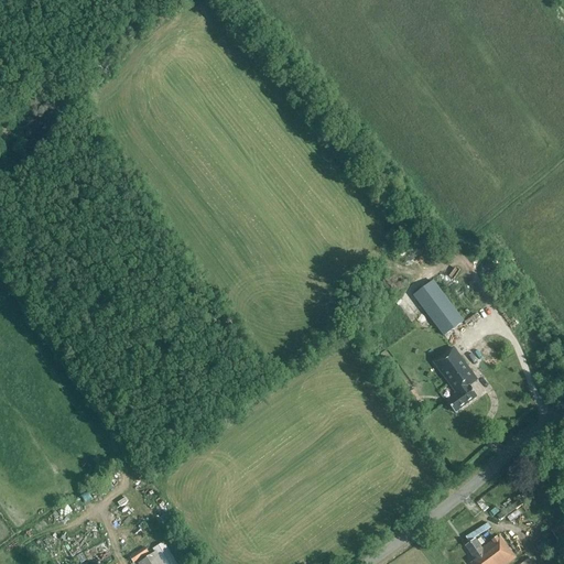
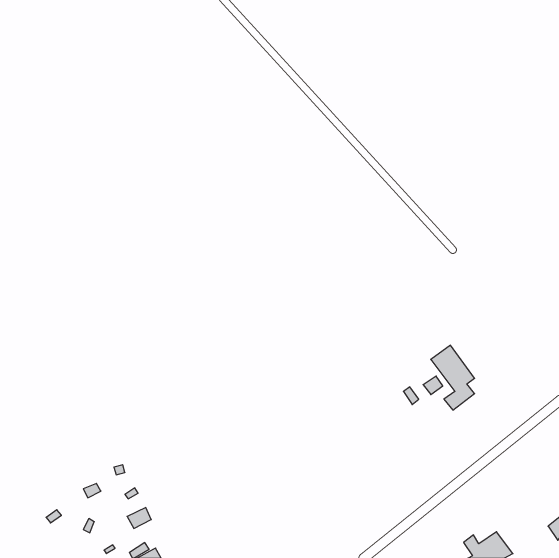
building: [414,280,464,335] -> none

